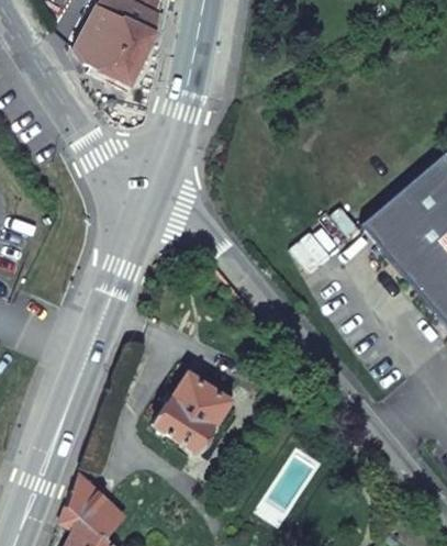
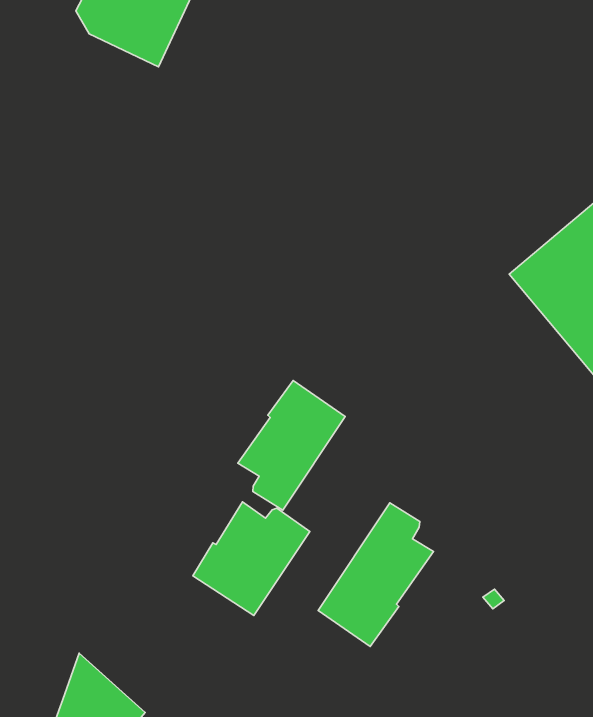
building: none -> [238,380,345,510]
building: none -> [318,503,434,647]

